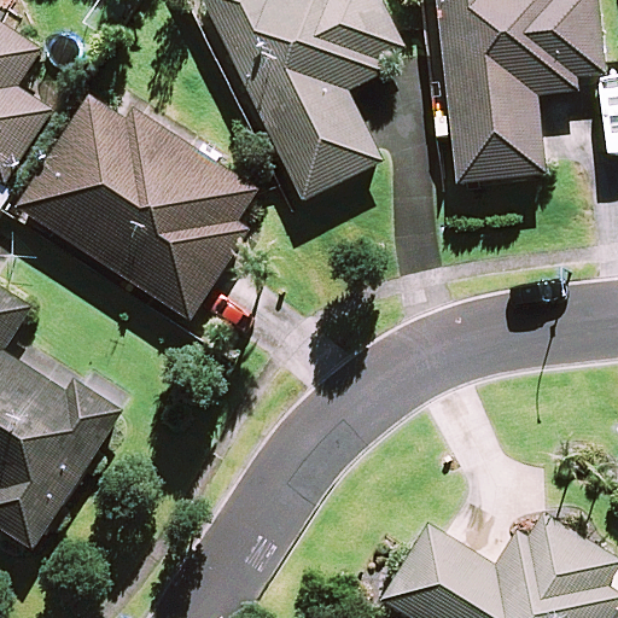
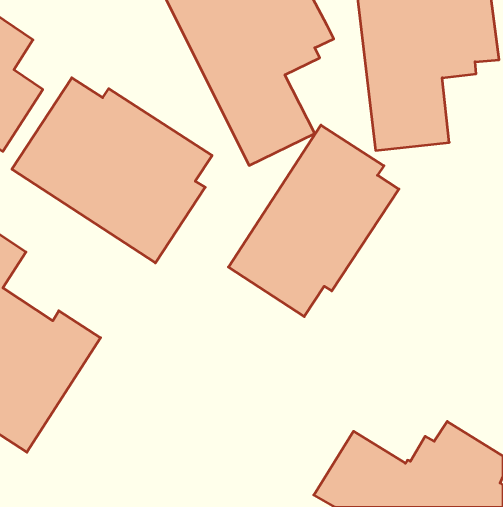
building: none -> [228,125,399,317]

